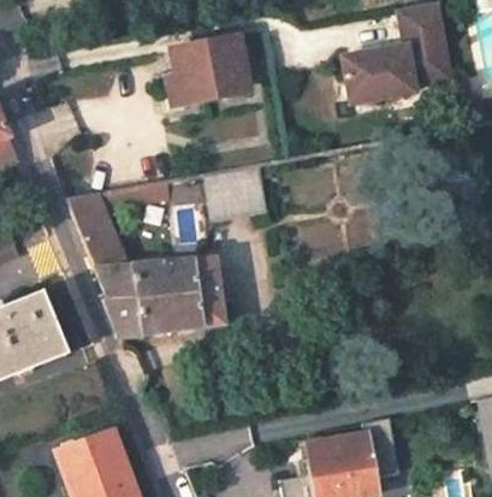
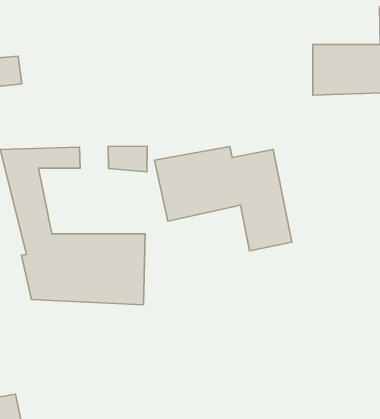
building: [164,43,243,108] -> none
building: none -> [155,147,292,251]

